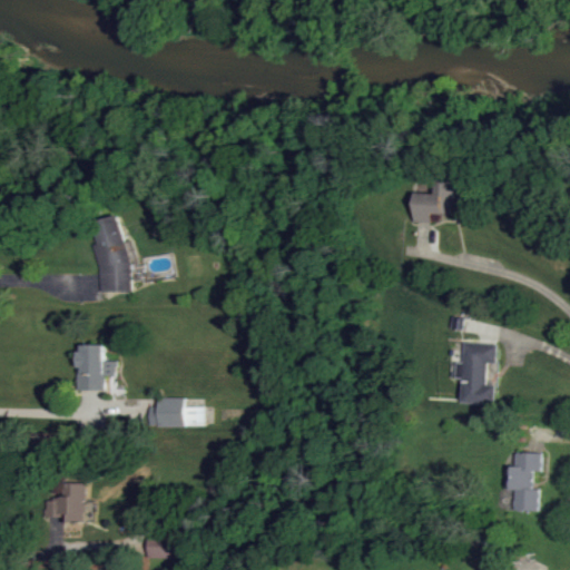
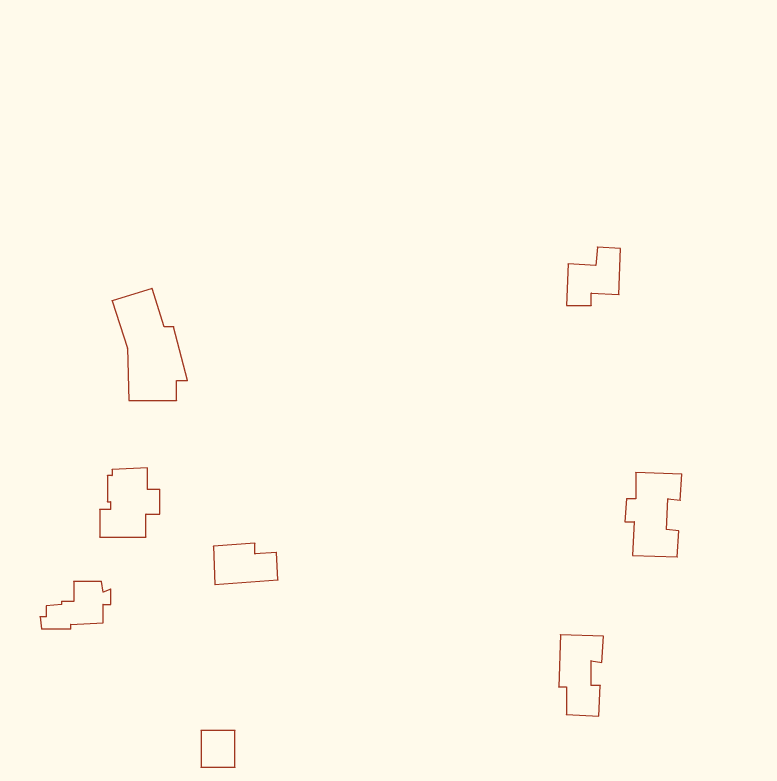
building: [507,454,539,513] -> [559,635,603,716]
building: [39,482,90,517] -> [40,581,111,629]

